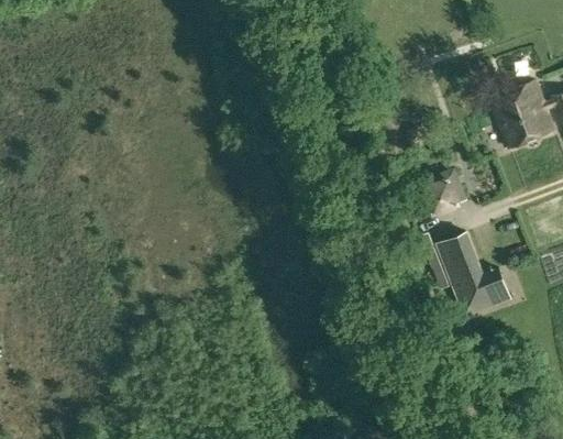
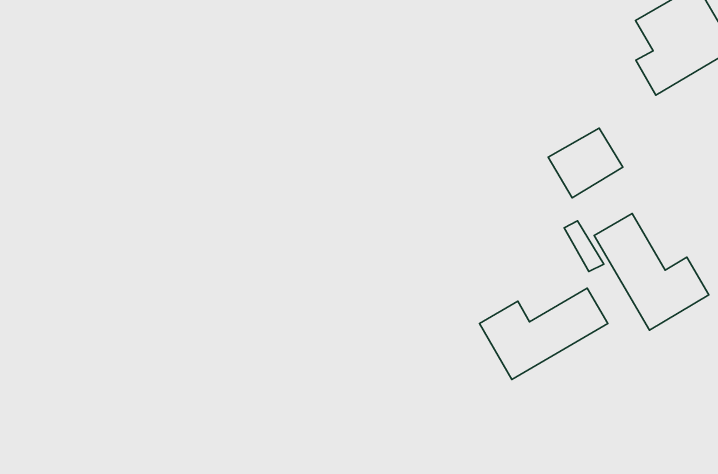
building: none -> [480,288,608,379]

